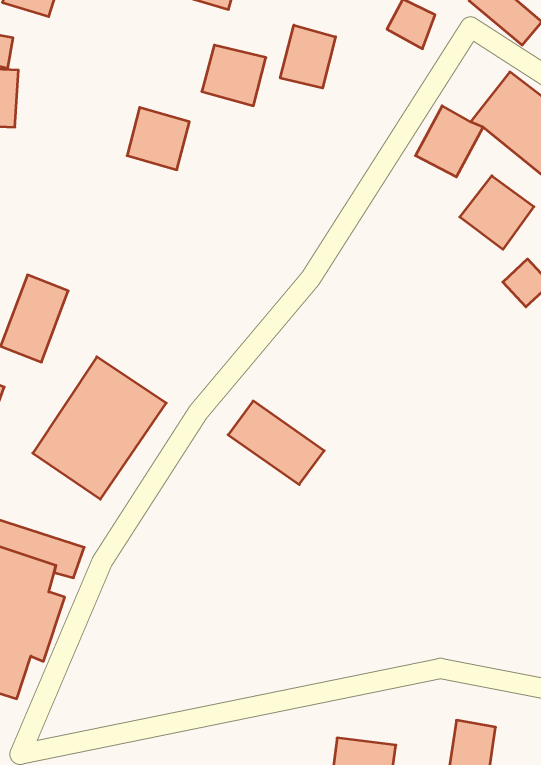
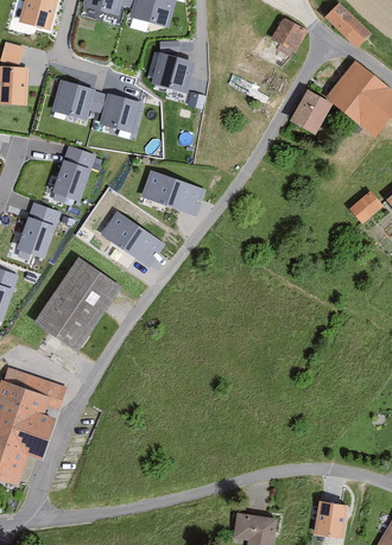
building: [280,25,336,88] -> none
building: none -> [49,77,91,119]
building: [460,176,534,249] -> none
building: none -> [50,144,94,199]
building: none -> [137,169,203,214]
building: [228,401,324,485] -> [96,210,160,266]

